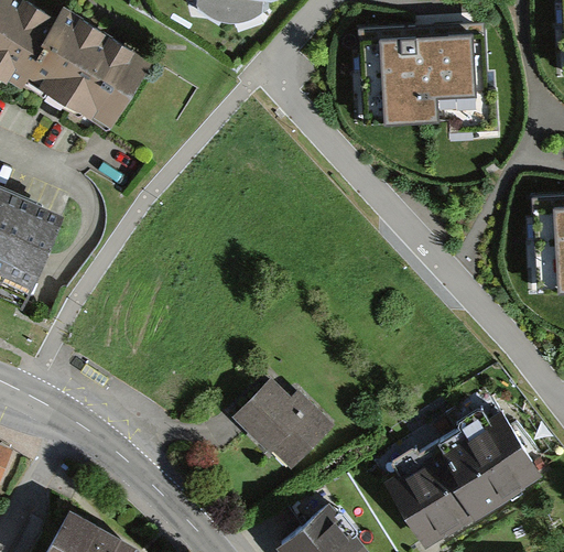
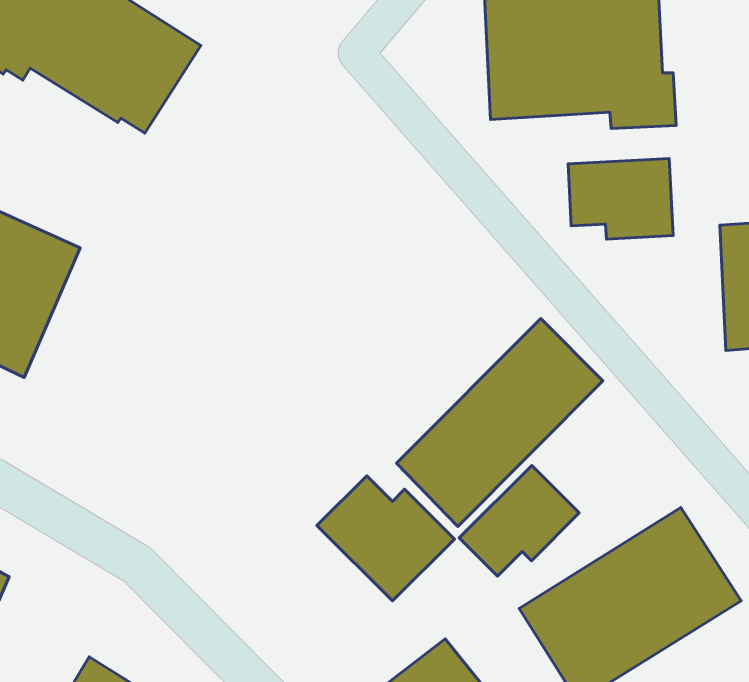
building: none -> [568,158,673,239]
building: none -> [396,319,603,527]
building: none -> [459,465,579,576]

